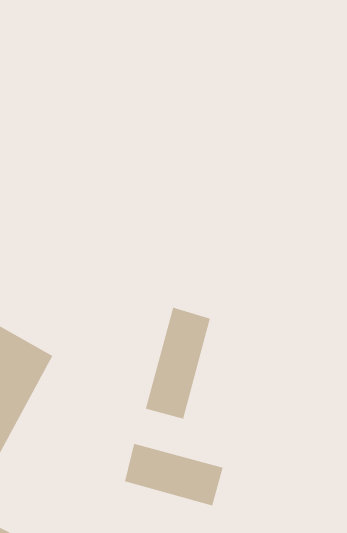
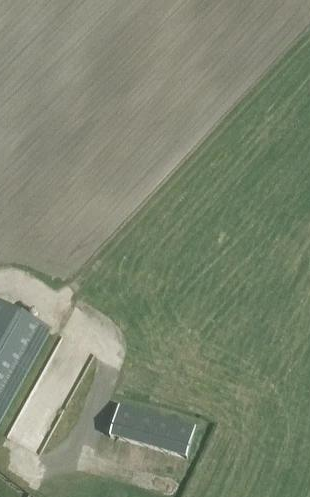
building: [145,307,211,419] -> none

